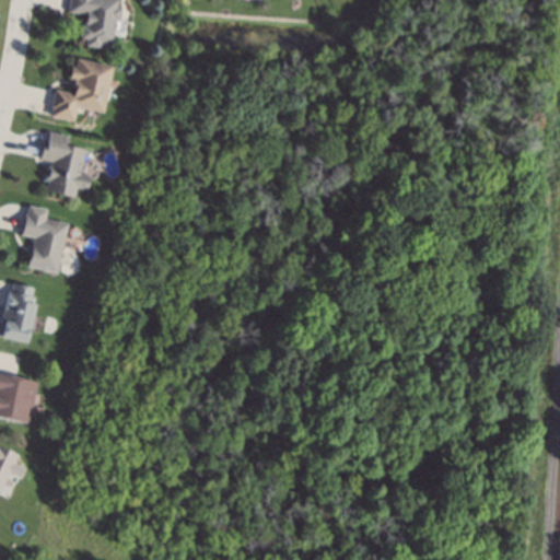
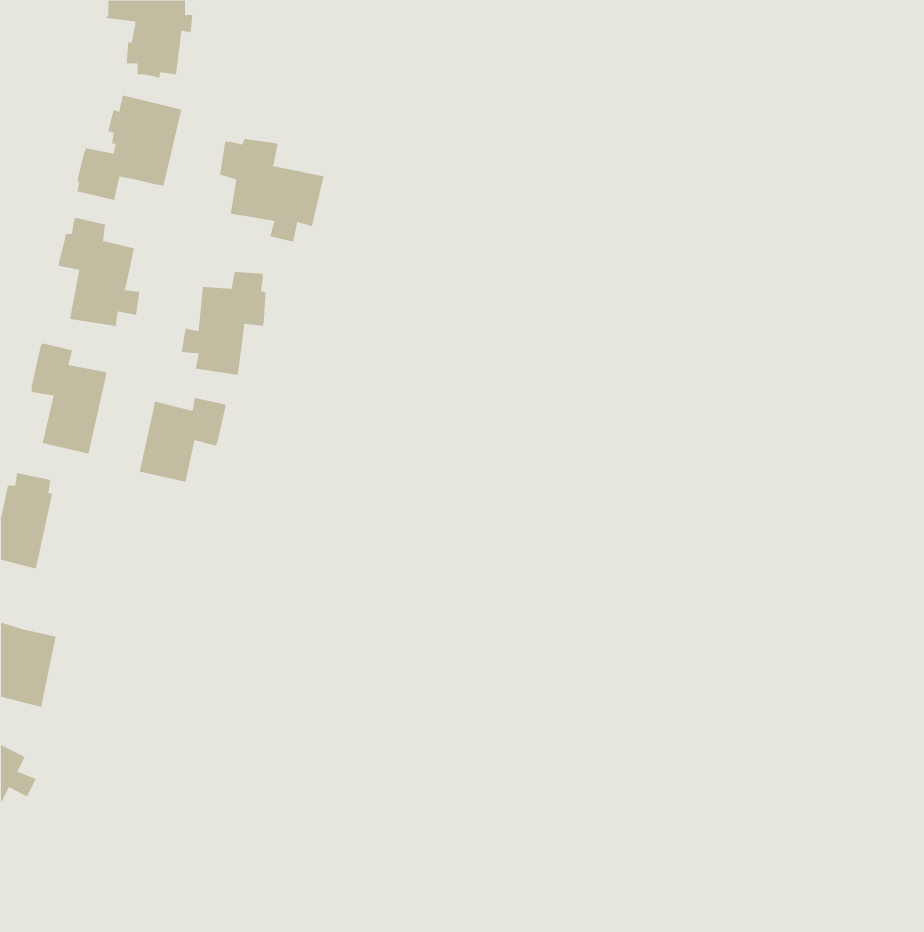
building: none -> [219,138,324,243]
building: none -> [181,271,266,376]
building: none -> [139,397,226,482]

